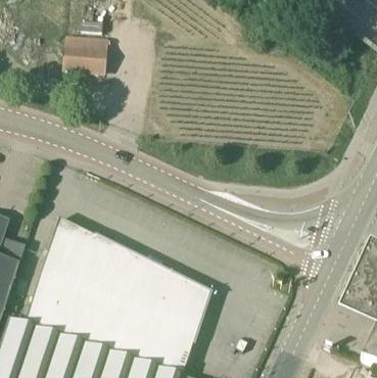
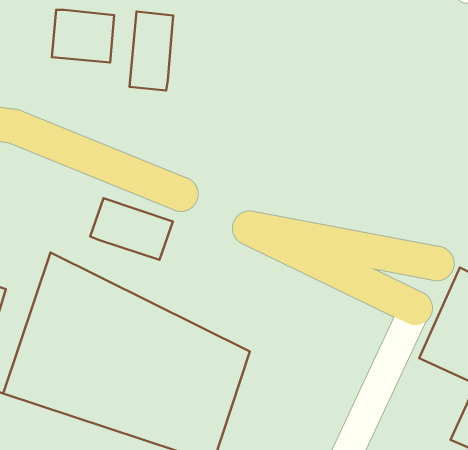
building: none -> [130,12,173,91]
building: none -> [90,198,173,260]

